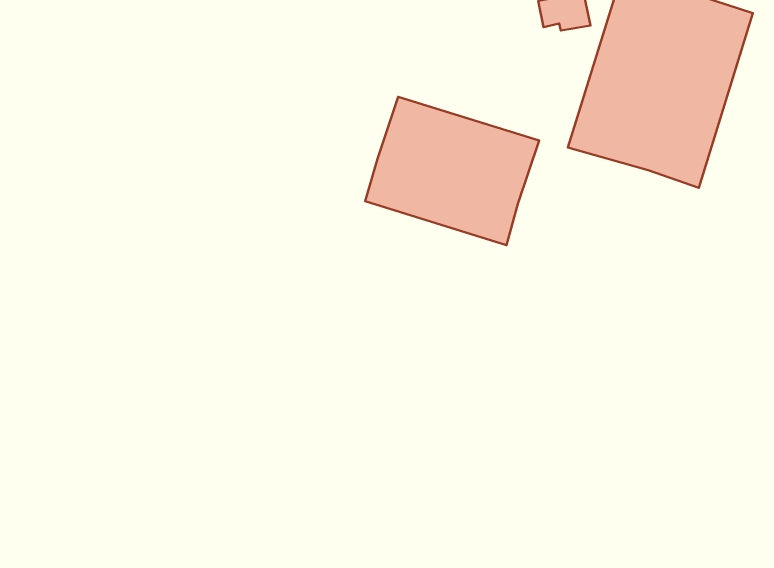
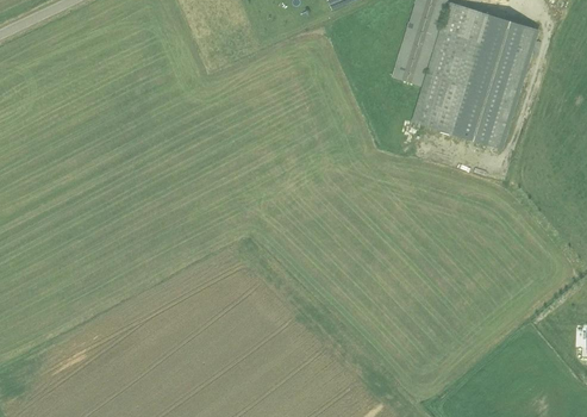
building: [365,97,539,245] -> none

